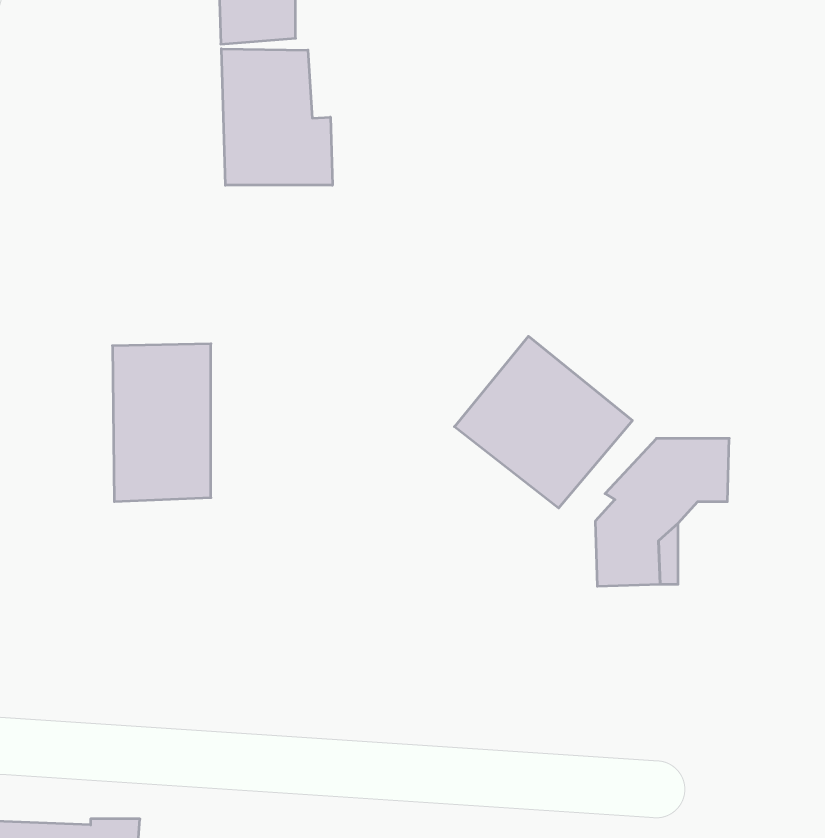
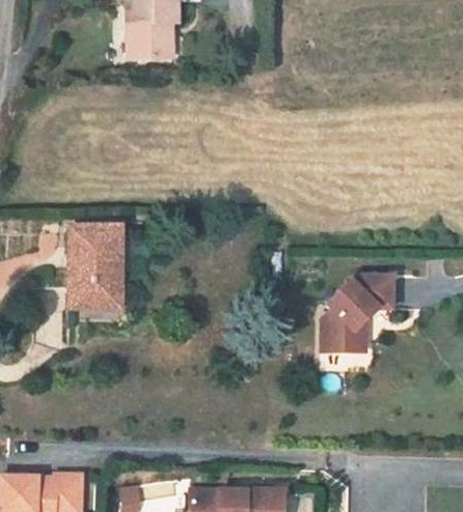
building: [221,49,332,185] -> none
building: [454,336,632,508] -> none

